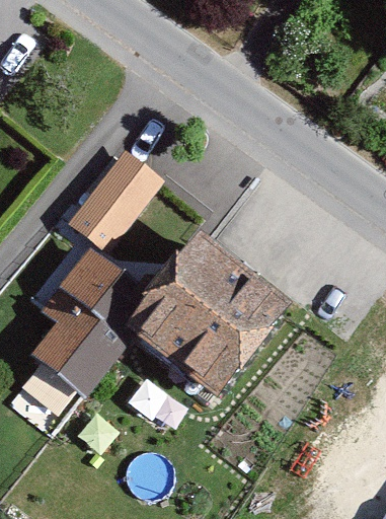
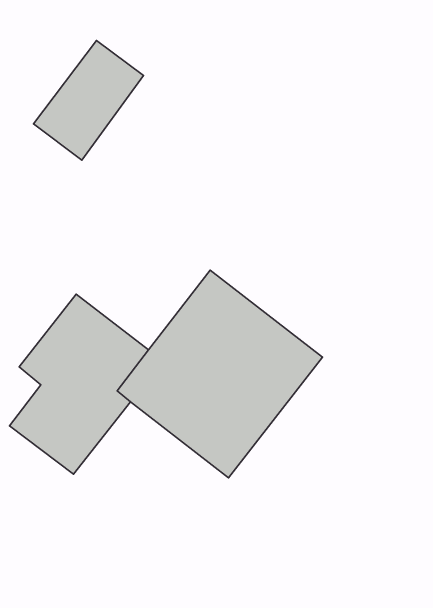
building: [69,150,161,250] -> [34,41,144,160]

